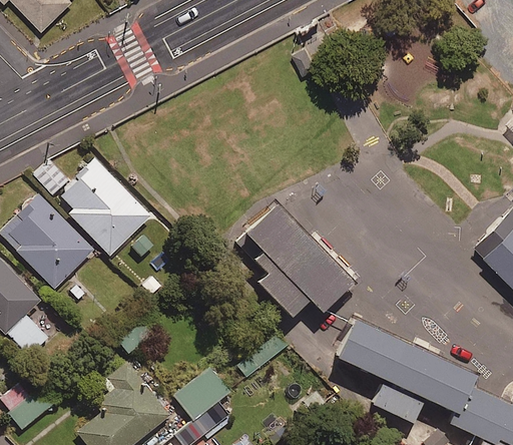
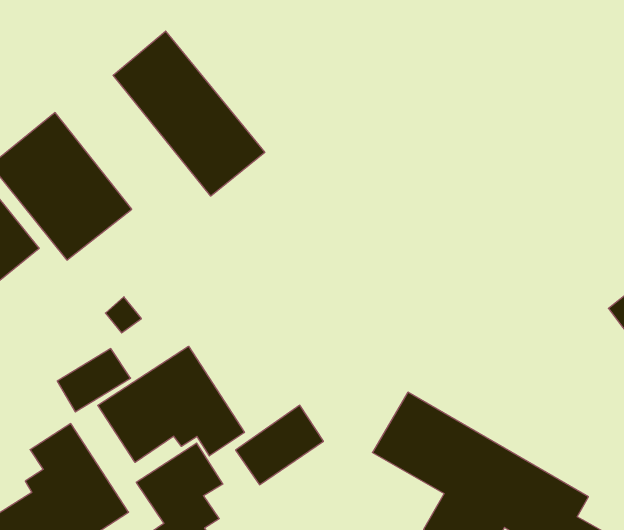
building: none -> [113,31,265,196]
building: [237,204,347,317] -> none
building: none -> [98,346,244,462]

